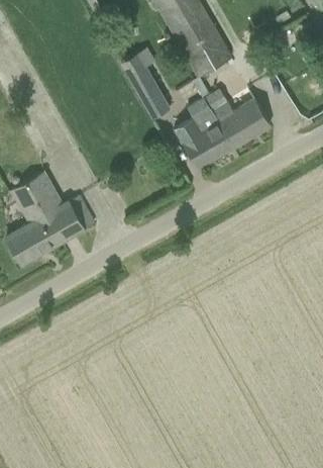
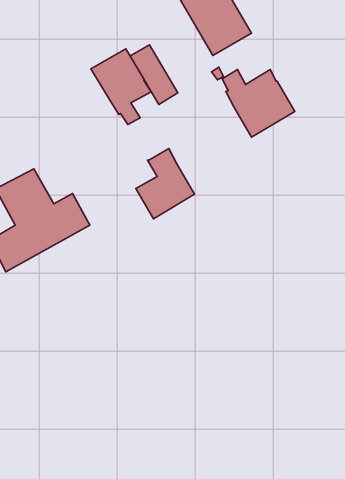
building: none -> [91,49,151,125]
building: [181,108,231,169] -> [136,149,194,219]

